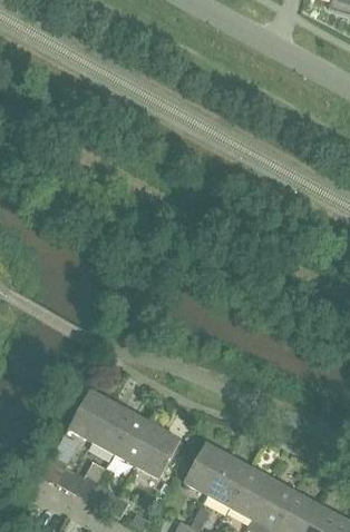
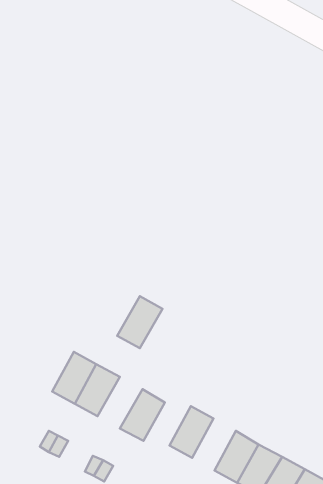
building: [113,413,157,464] -> [117,296,162,348]
building: [206,454,250,505] -> none

